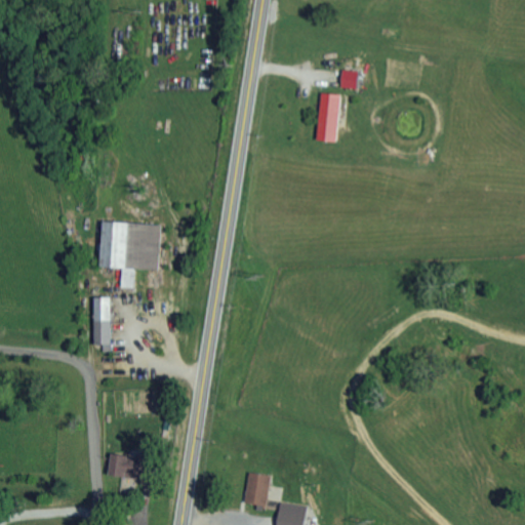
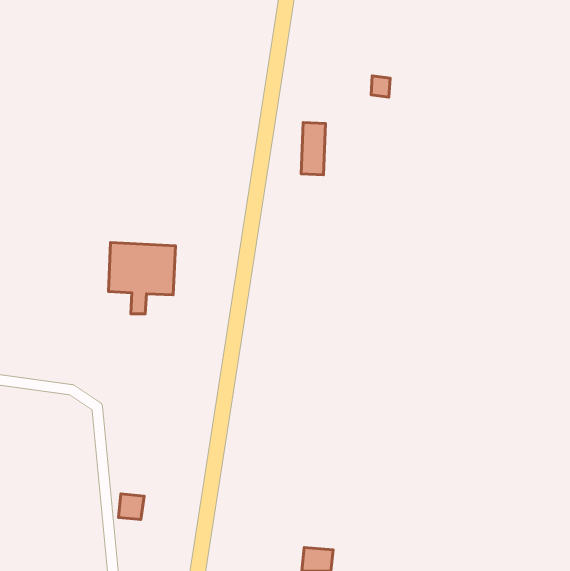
building: [317,93,339,142] -> [301,122,326,175]
building: [93,297,111,352] -> none
building: [245,472,270,504] -> none

